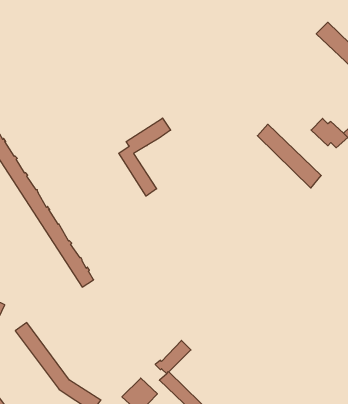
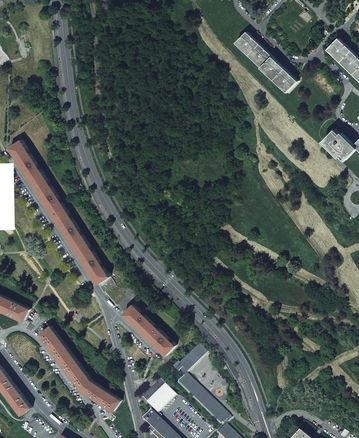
building: [119,118,171,196] -> none
building: [257,124,321,188] -> [235,31,296,92]
building: none -> [122,303,174,354]

